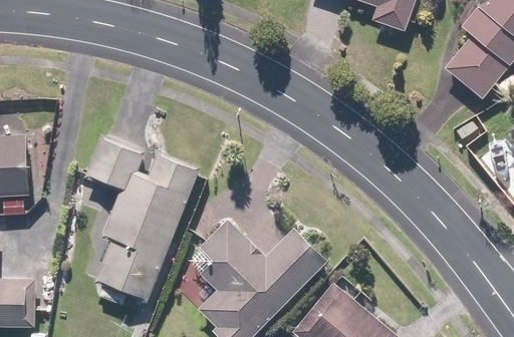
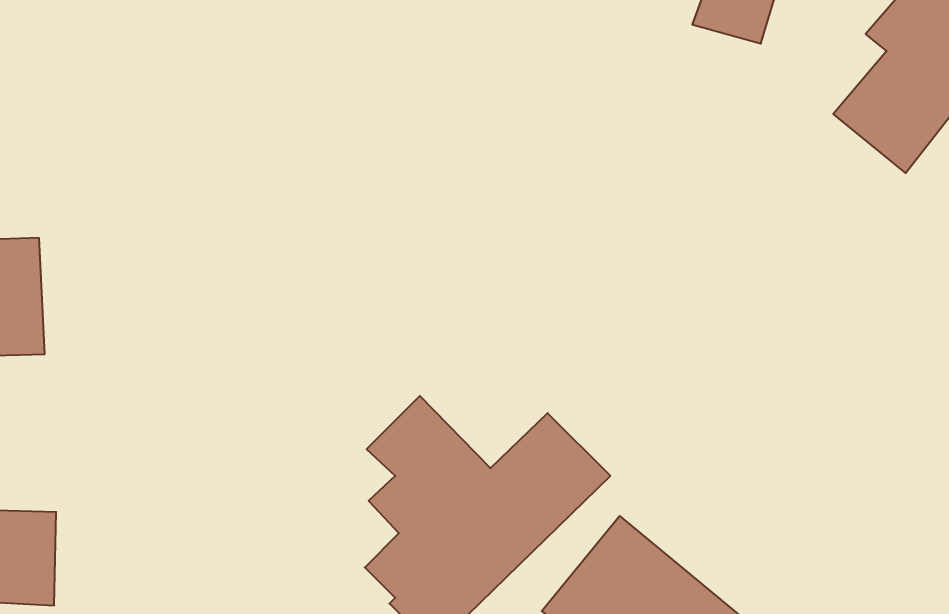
building: [84,132,200,302] -> none

